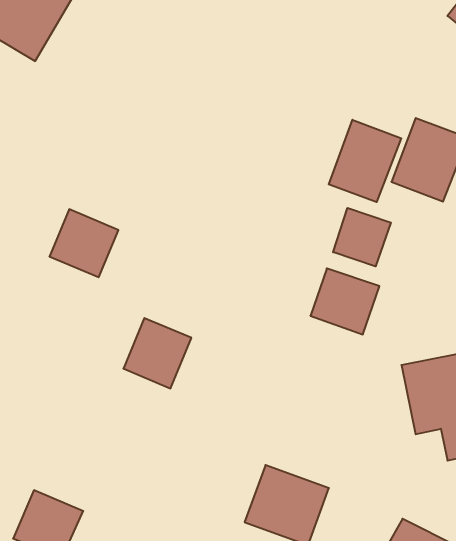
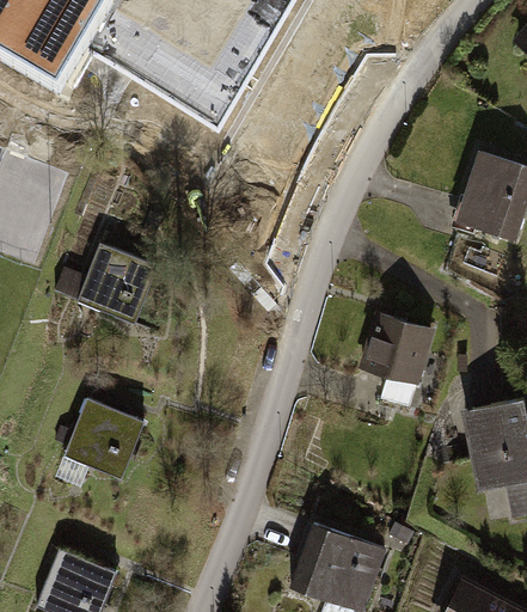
building: [329,120,401,202] -> none
building: [333,208,391,266] -> none
building: [123,318,191,388] -> [68,398,142,475]

